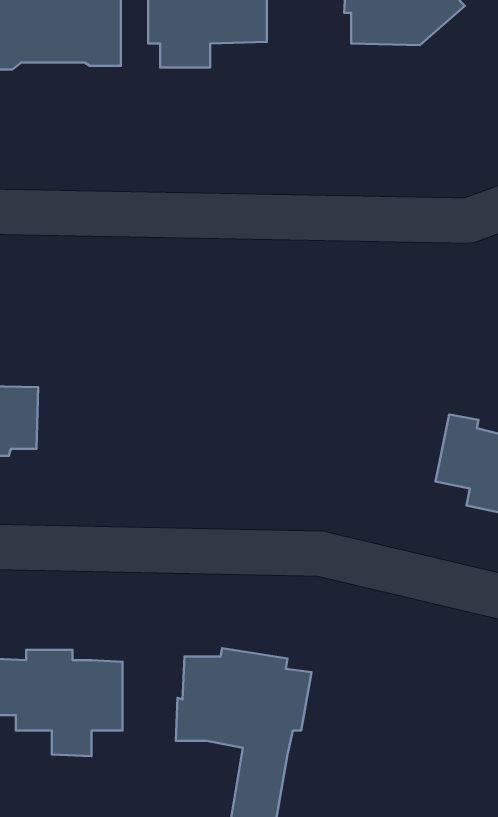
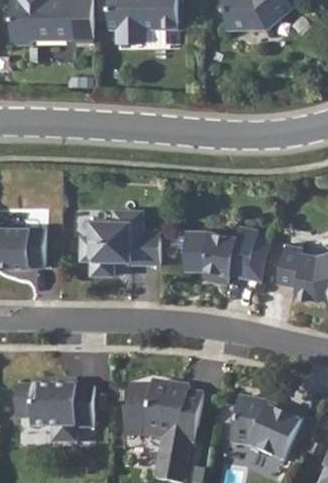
building: none -> [77,211,158,286]
building: none -> [184,227,255,284]
building: none -> [230,396,303,462]

